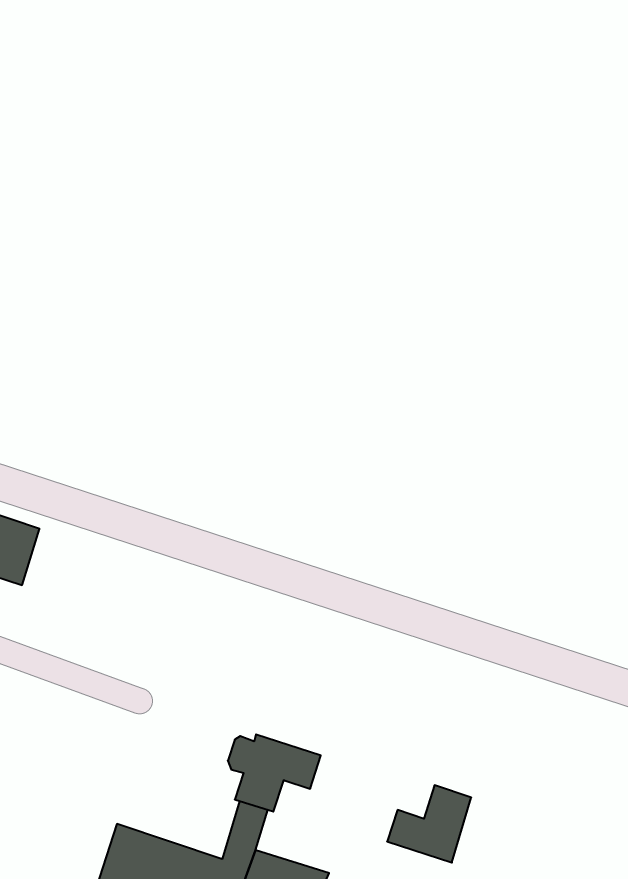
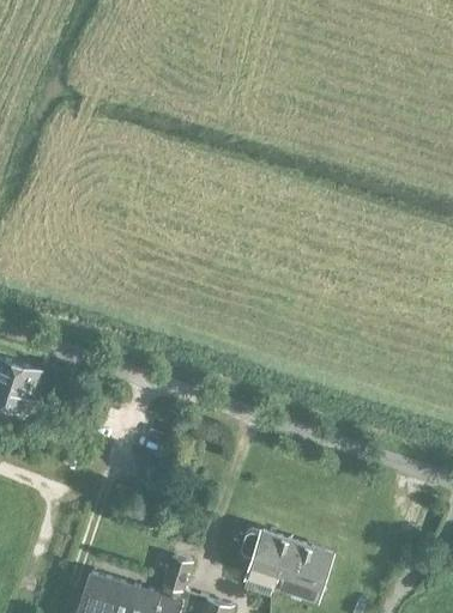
building: [228,734,321,812] -> [242,533,306,585]

